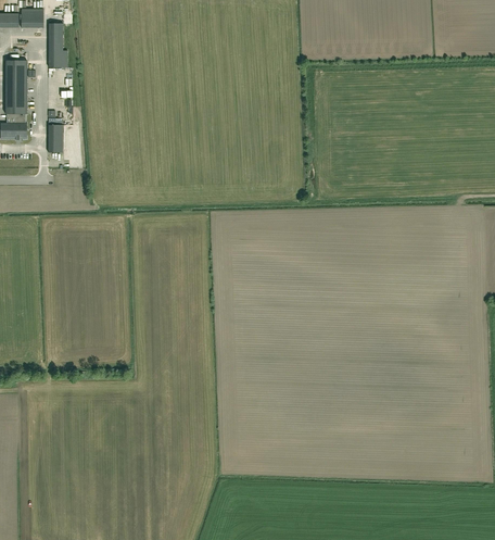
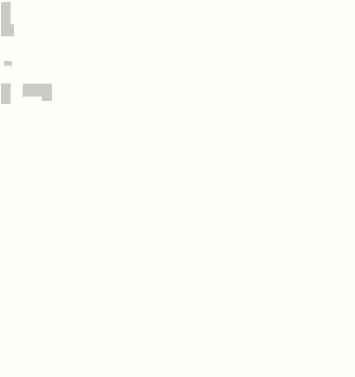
building: none -> [22,83,52,102]

